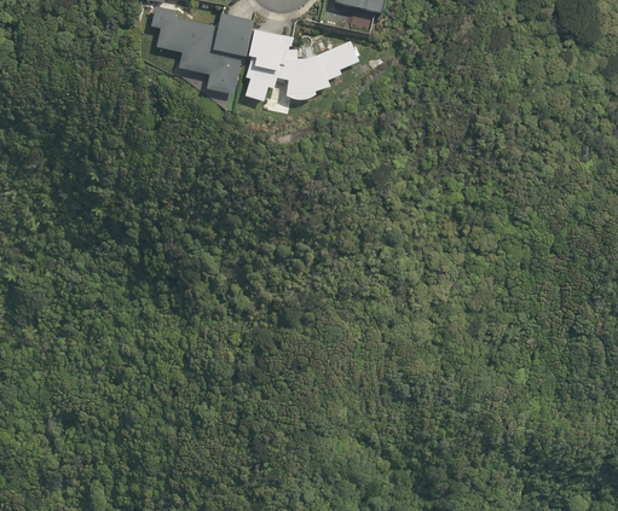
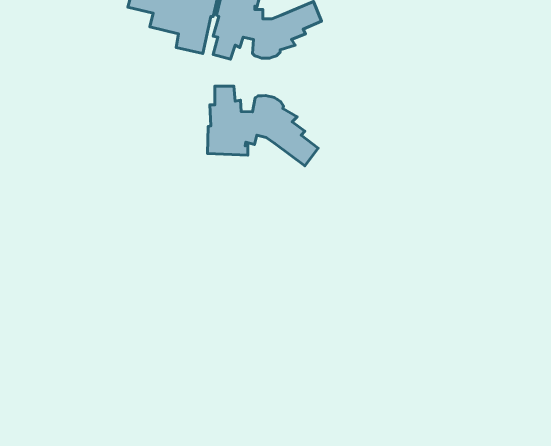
building: none -> [207,86,318,166]

